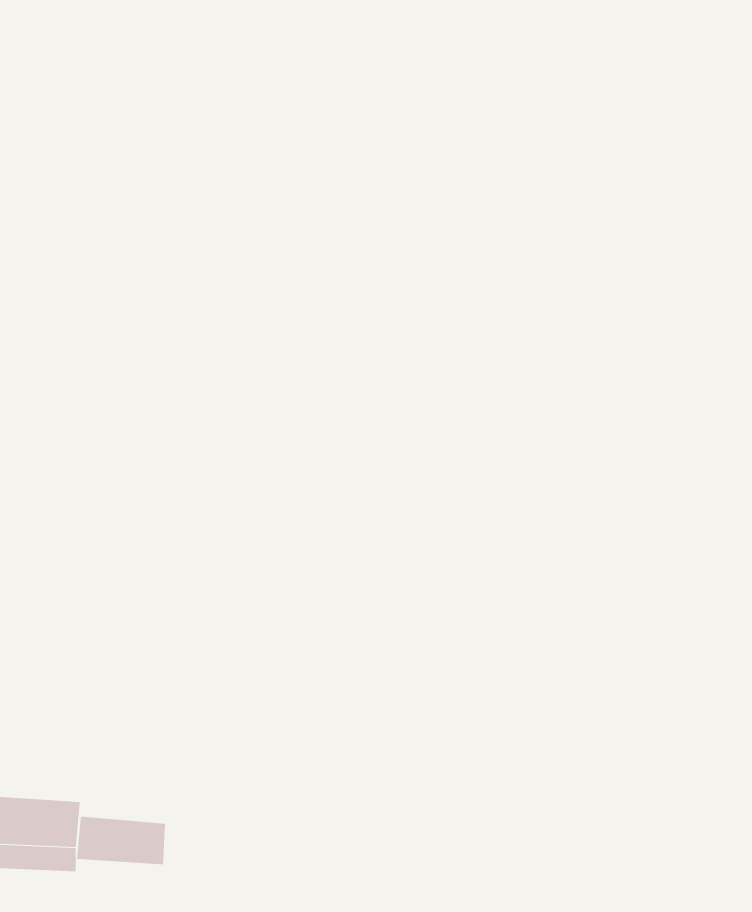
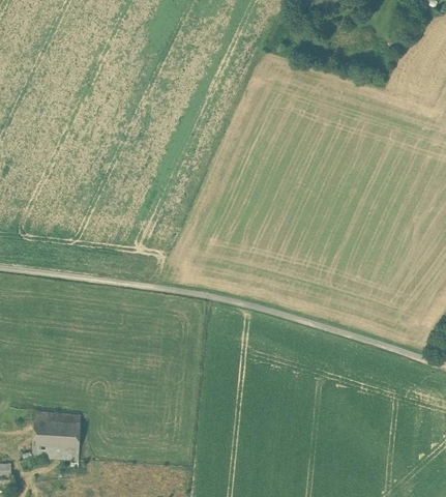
building: [76,816,165,865] -> none

